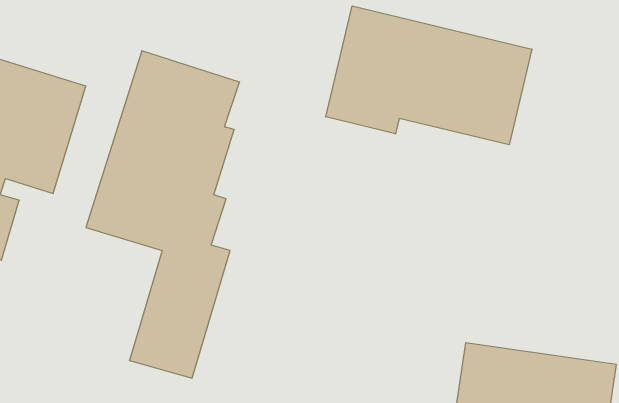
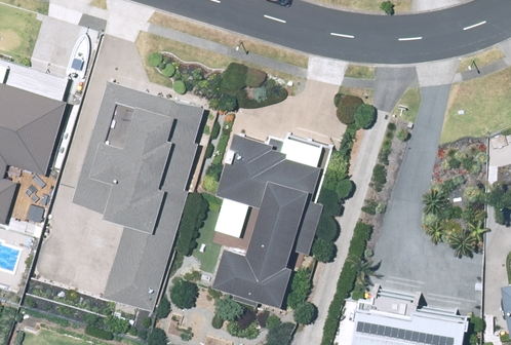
building: [326,6,532,145] -> none
building: none -> [211,142,314,315]

